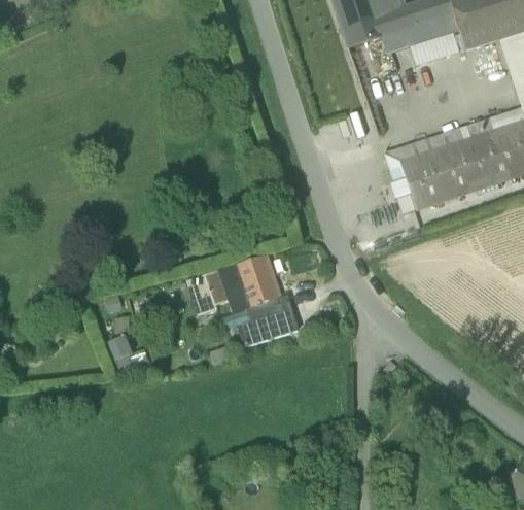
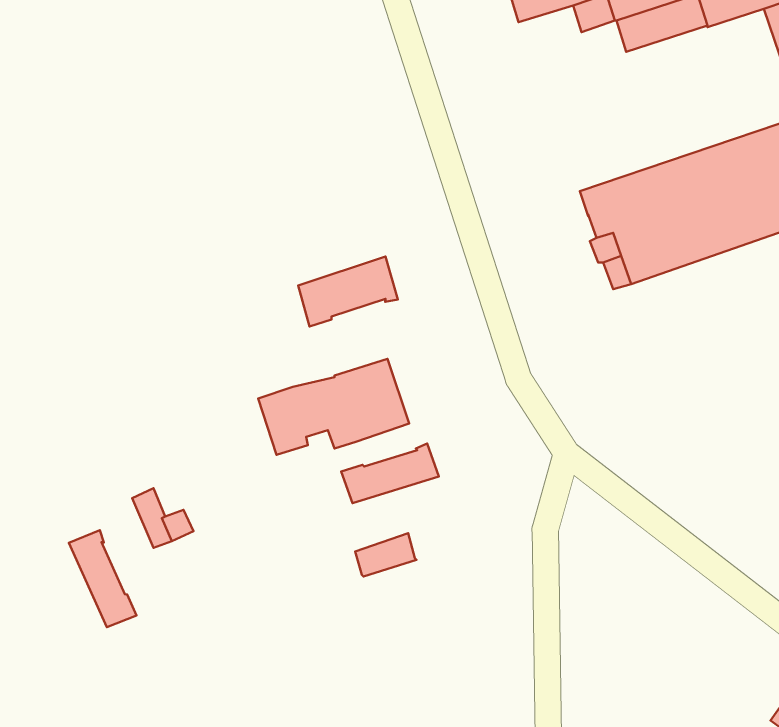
building: none -> [298,257,398,327]
building: [251,295,289,321] -> [355,533,417,576]
building: none -> [69,530,137,627]

